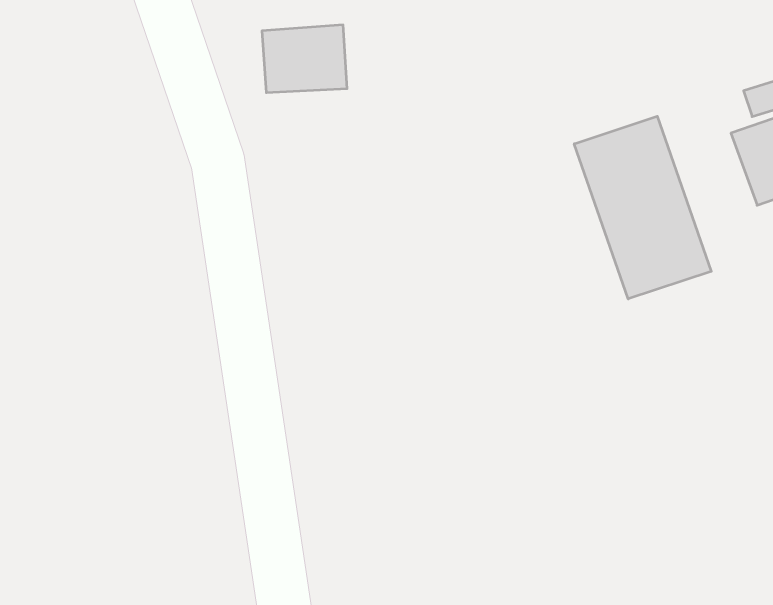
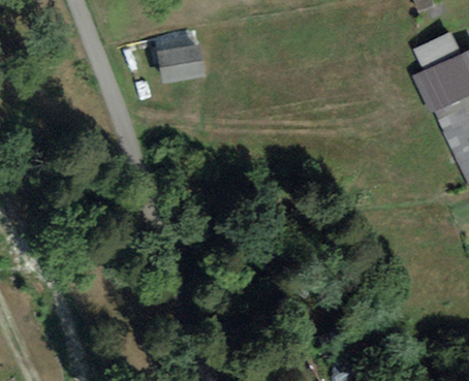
building: [574,116,711,299] -> none

